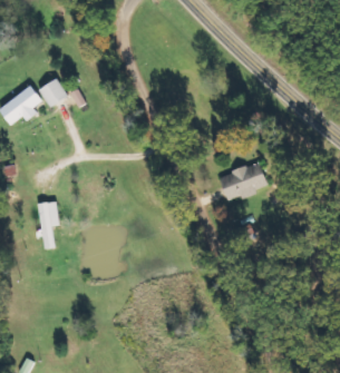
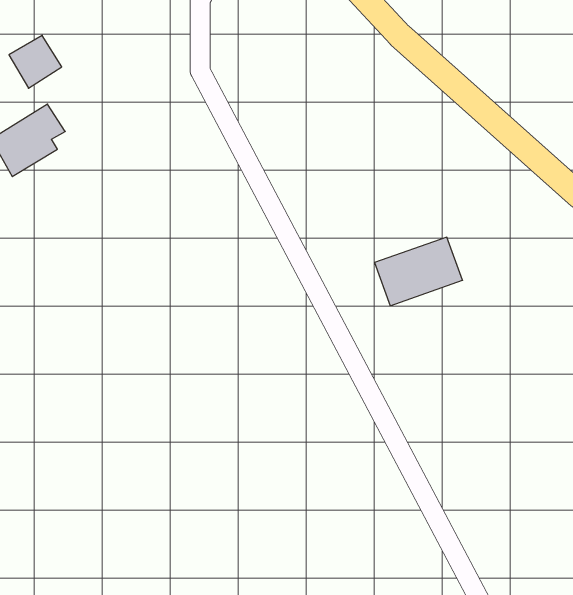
building: [38,78,68,108] -> [9,35,62,88]
building: [36,200,59,248] -> none

